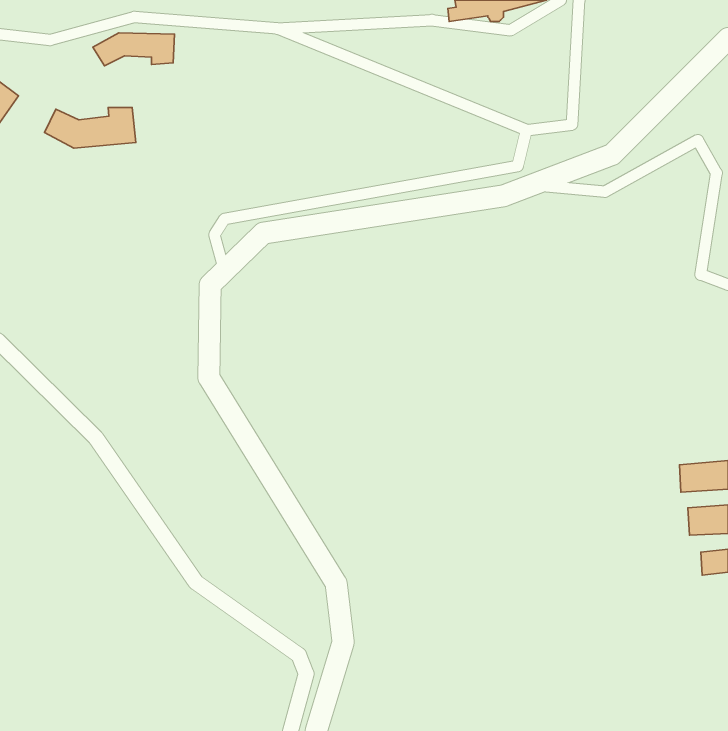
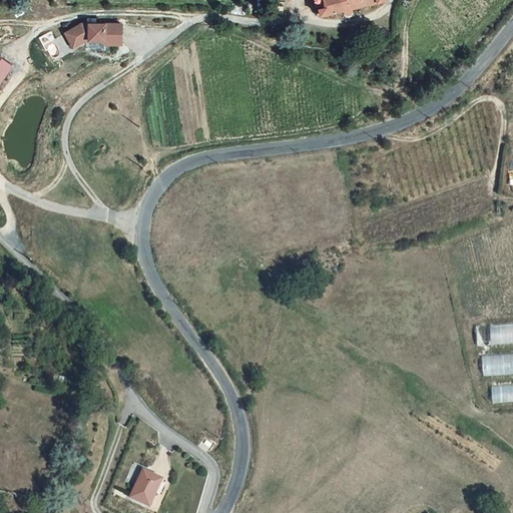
building: [44,107,136,148] -> none
building: none -> [131,470,162,505]

